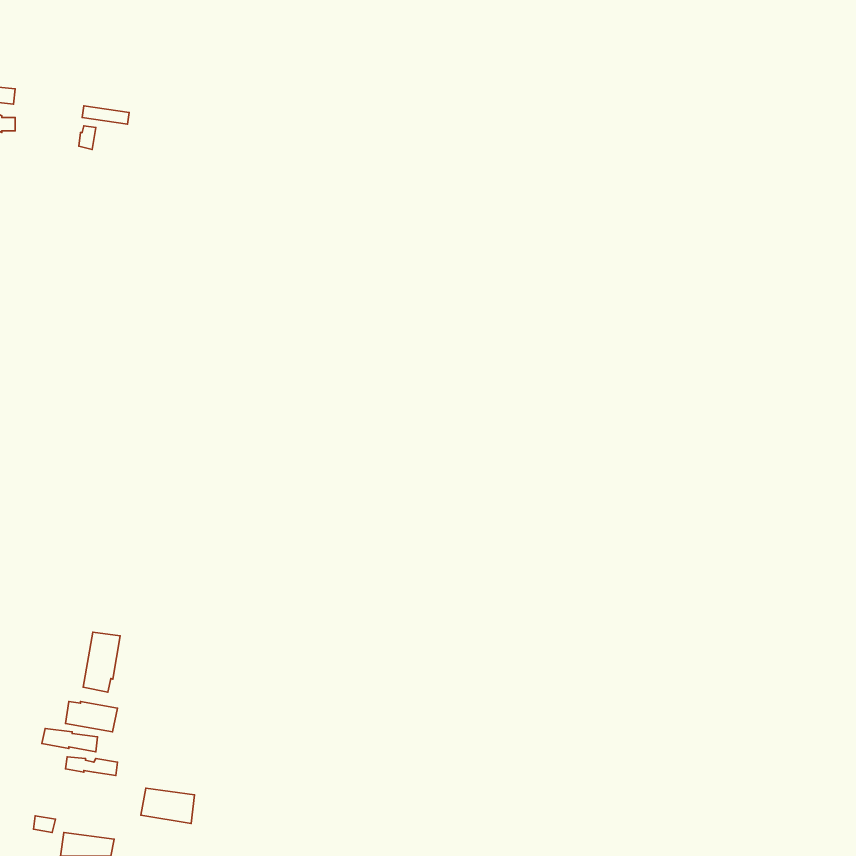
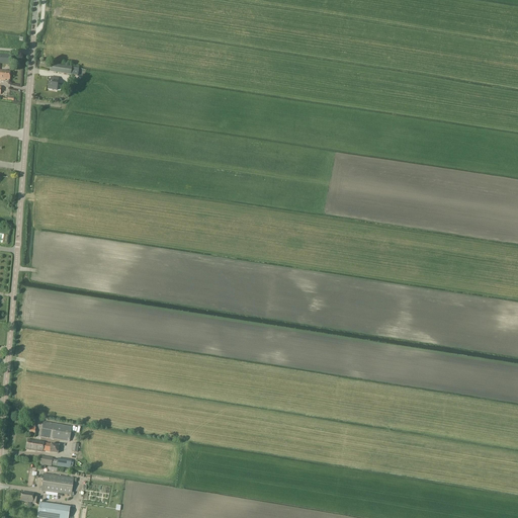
building: [83,632,120,692] -> none
building: [141,788,195,823] -> [40,473,73,495]

